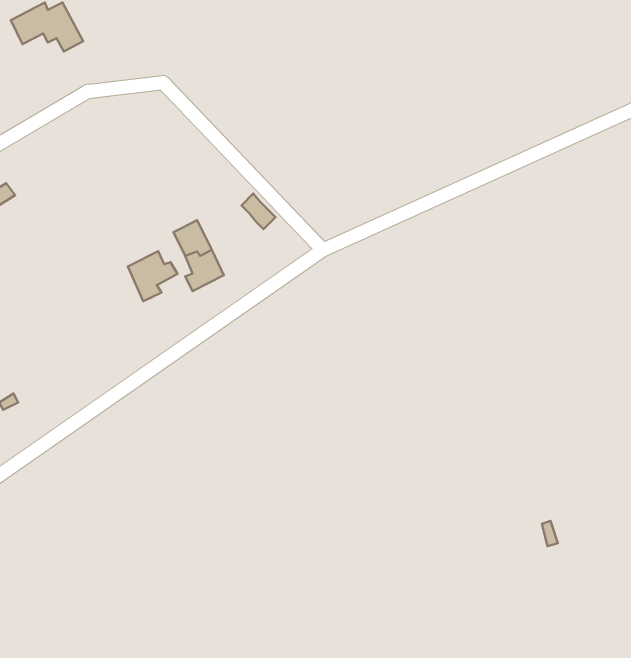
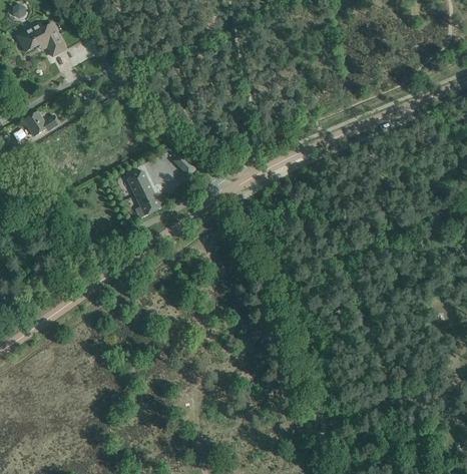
building: none -> [22,111,56,136]
building: [128,251,178,301] -> none

